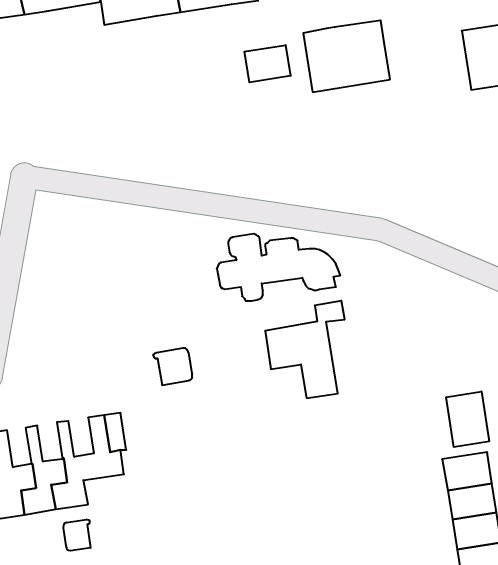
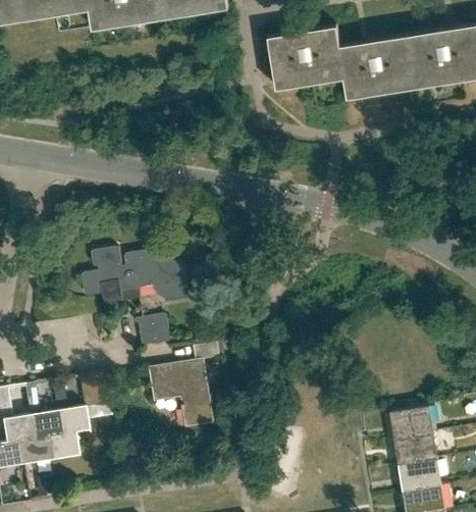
building: none -> [339,35,416,98]
building: [244,45,291,82] -> none
building: [217,234,340,301] -> [82,247,191,306]
building: [265,301,345,398] -> [149,342,219,427]
building: [446,391,489,447] -> none
building: [63,519,91,551] -> none

